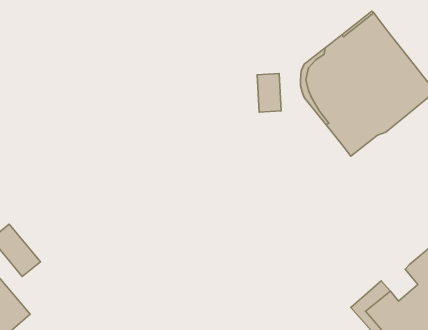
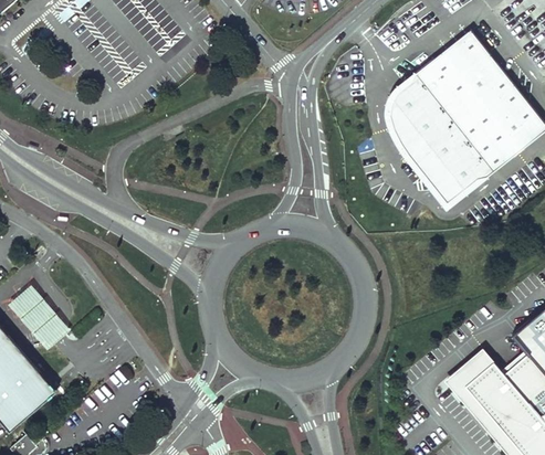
building: [257,73,281,112] -> none

